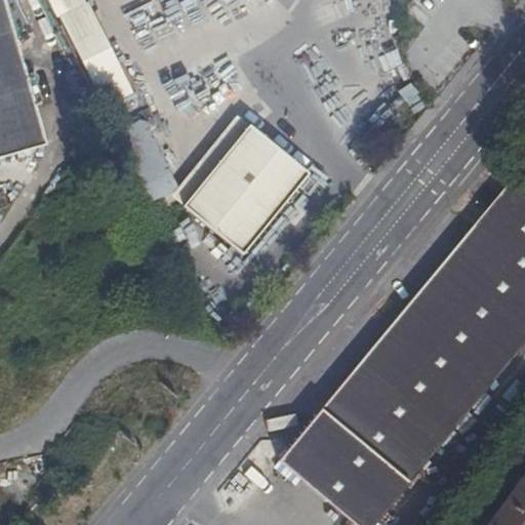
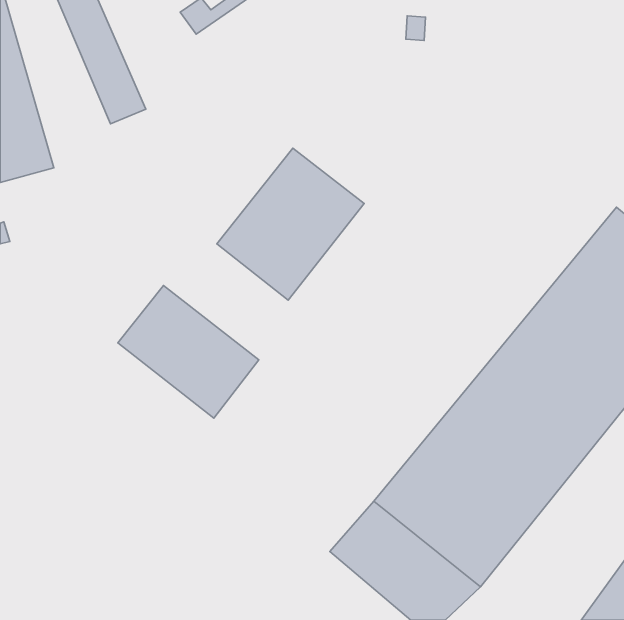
building: none -> [118,286,259,418]

